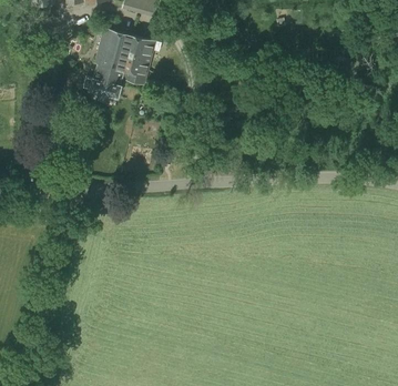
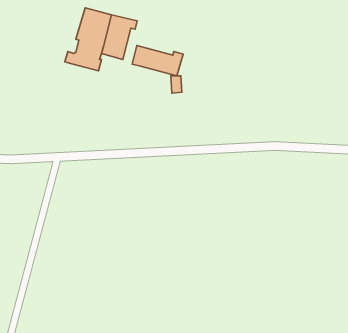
building: none -> [132,45,183,76]

